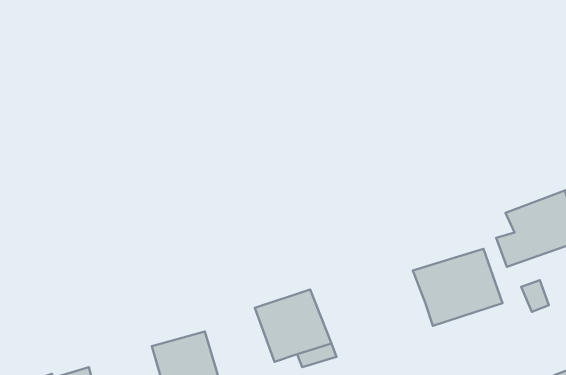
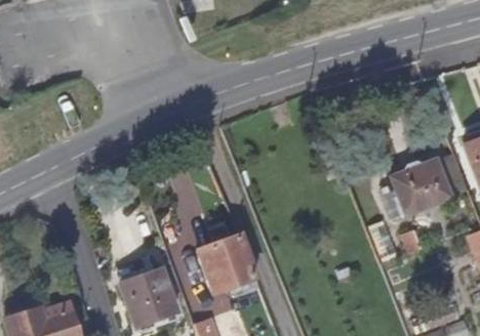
building: [413,249,502,326] -> none

